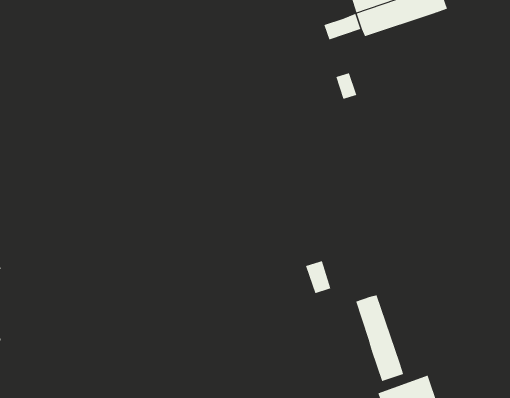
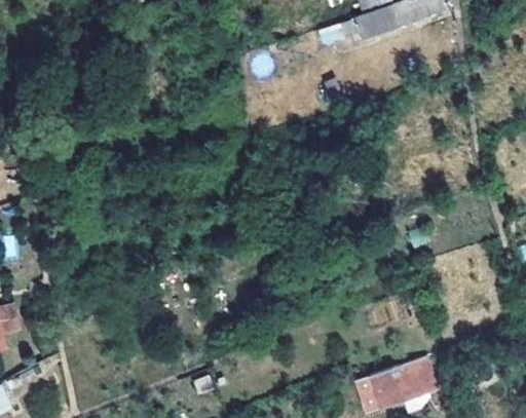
building: [356,295,404,382] -> none

